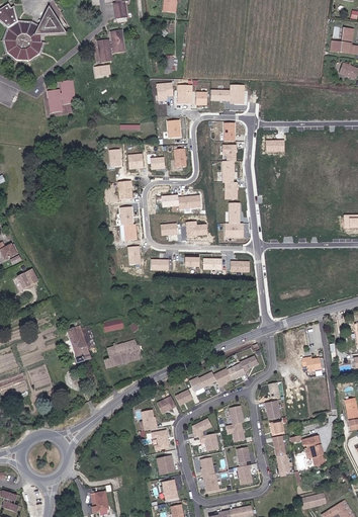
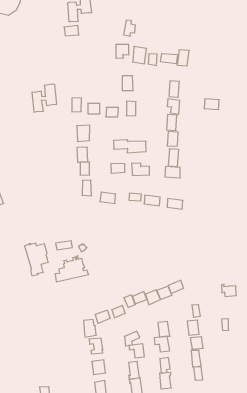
building: [47,79,77,113] -> [32,84,57,112]
building: [302,437,323,469] -> none

